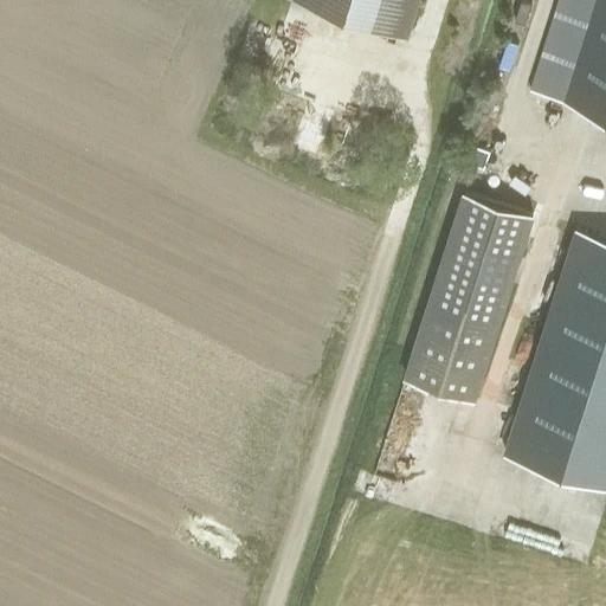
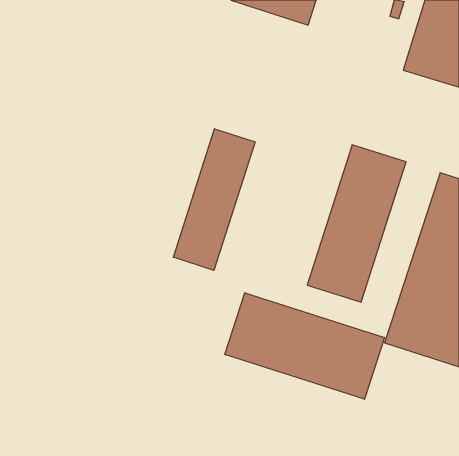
building: none -> [173,129,255,270]
building: none -> [225,293,384,399]

